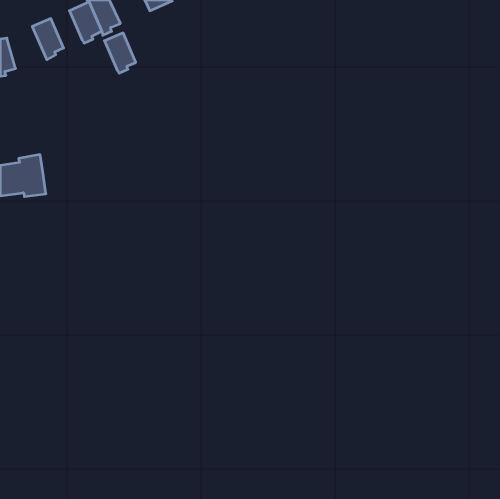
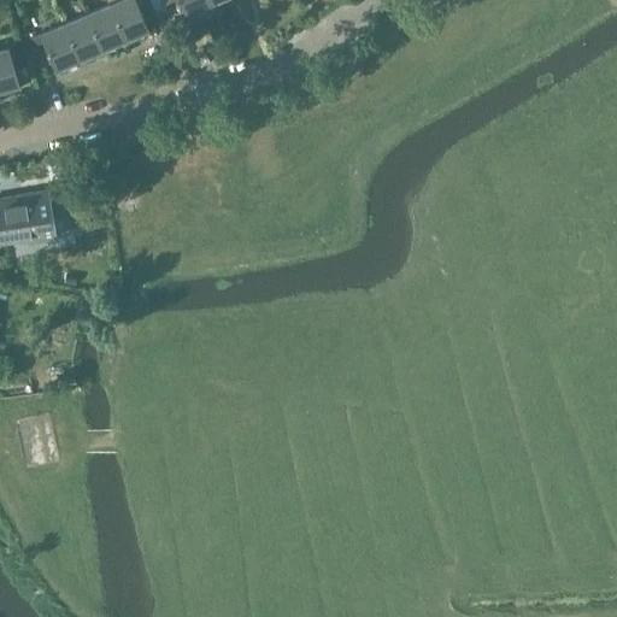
building: [104,33,136,73] -> [63,14,101,64]

